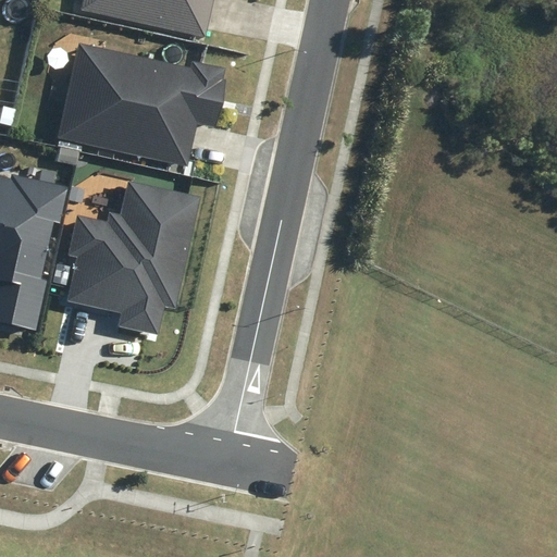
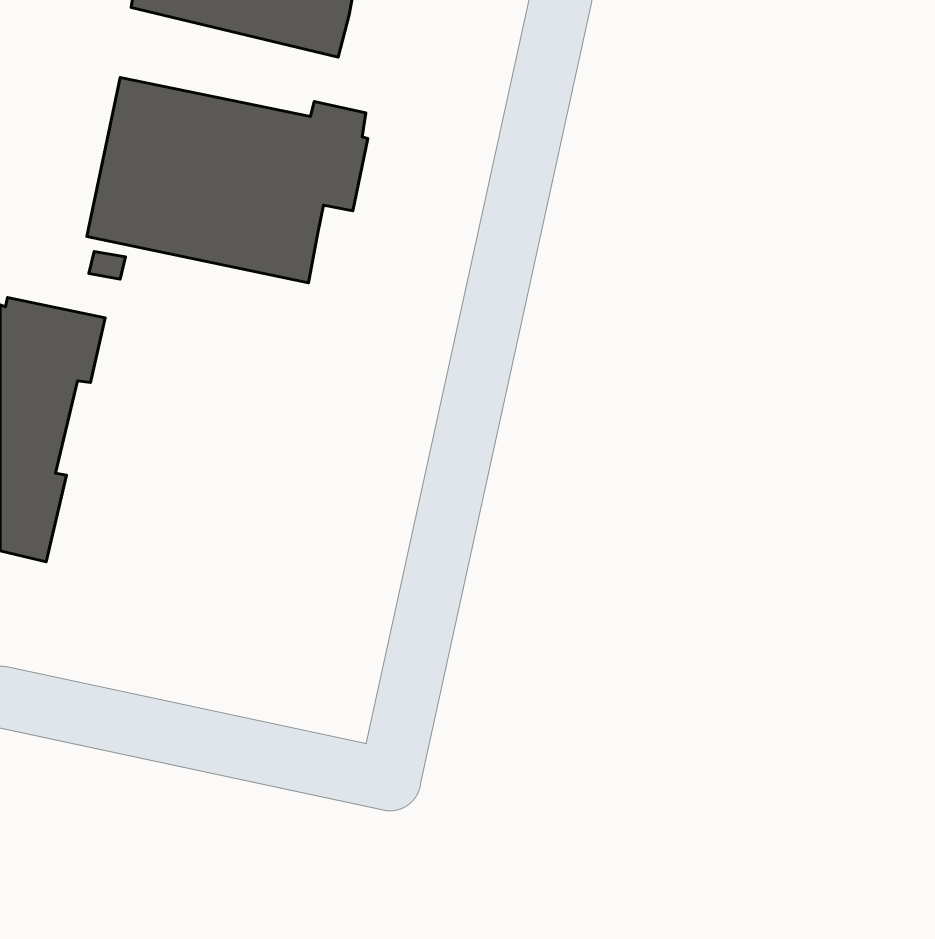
building: [66,184,197,336] -> none

